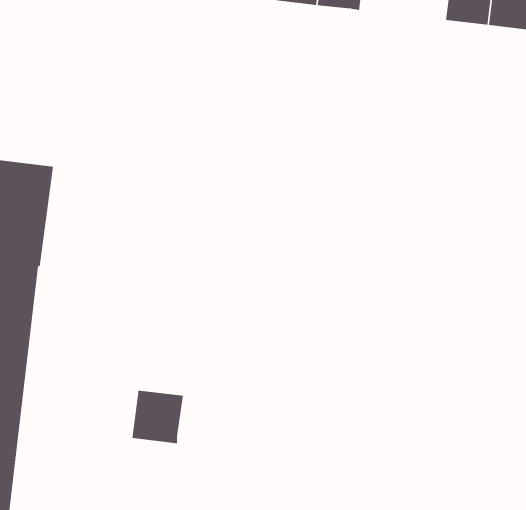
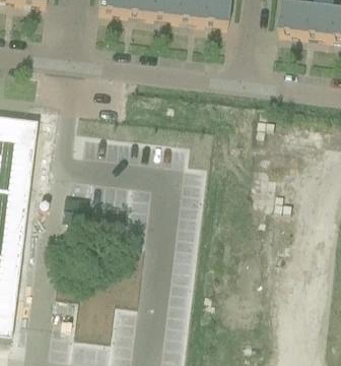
building: [132,390,184,444] -> none

